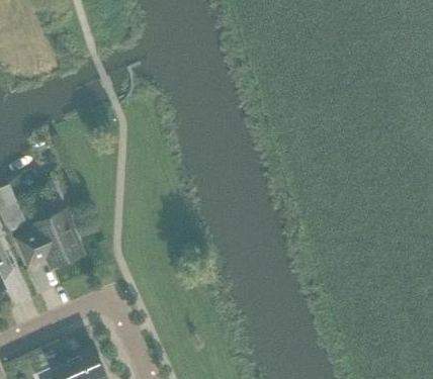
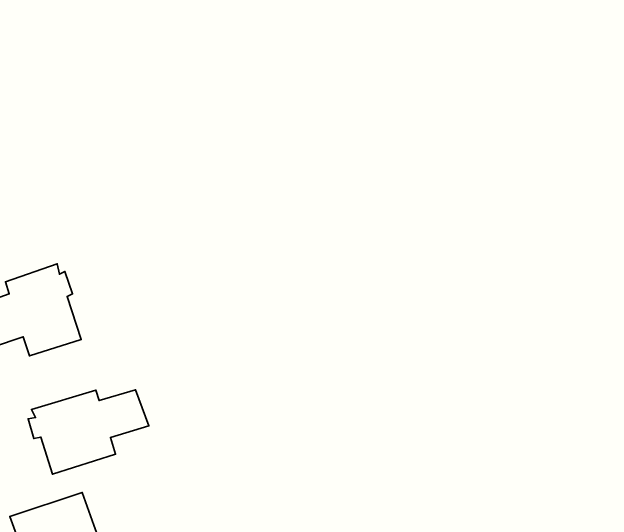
building: none -> [28,390,149,474]

